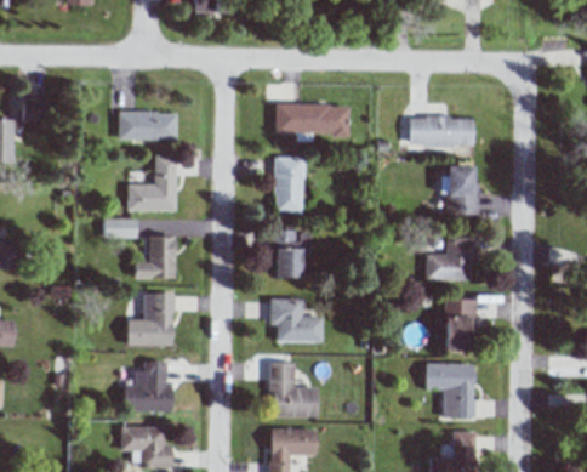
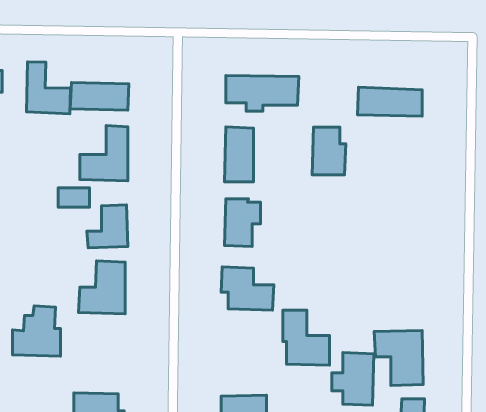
building: none -> [26,62,70,114]
building: [446,166,480,215] -> [312,127,346,175]
building: [426,237,480,280] -> none
building: [434,298,477,352] -> [332,353,374,405]
building: [124,360,172,411] -> [13,306,60,356]
building: [270,362,318,417] -> [283,310,330,365]

